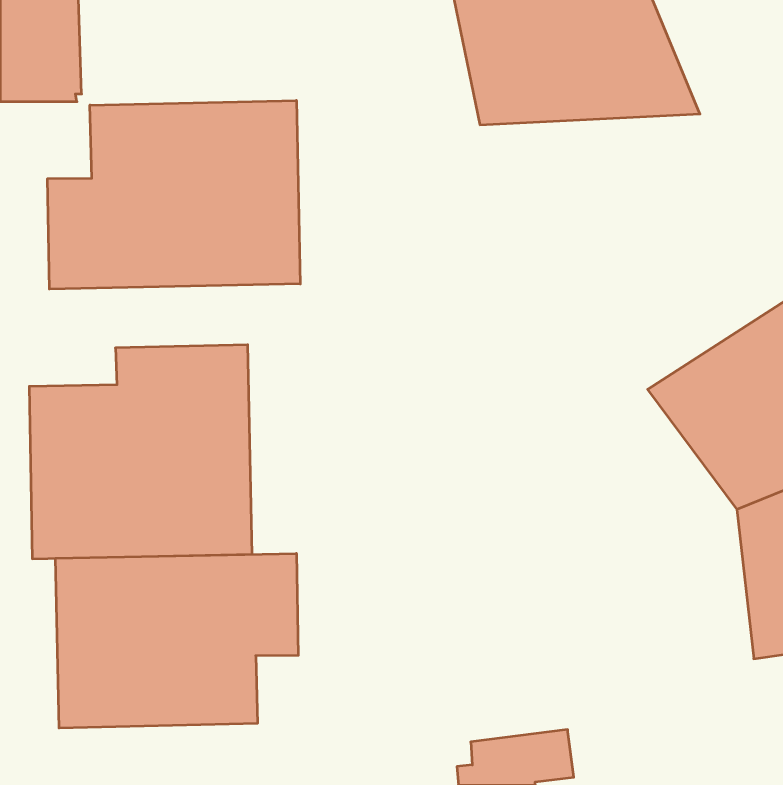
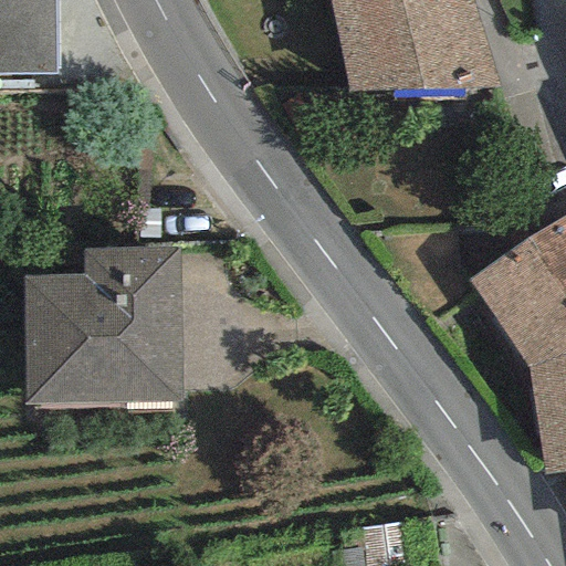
building: [48,100,300,289] -> none
building: [56,553,298,728] -> none

